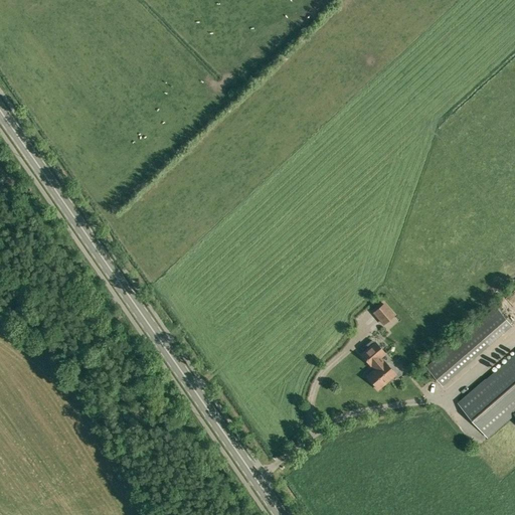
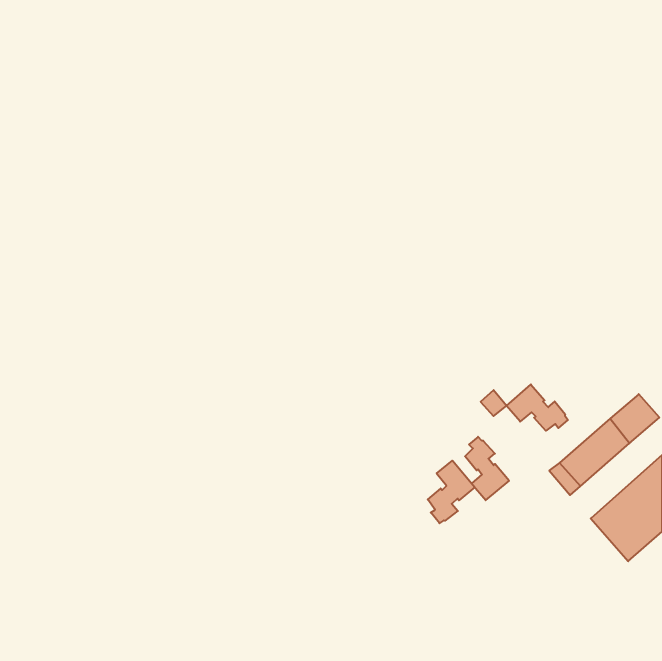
building: none -> [507,384,568,431]
building: none -> [428,461,475,523]

